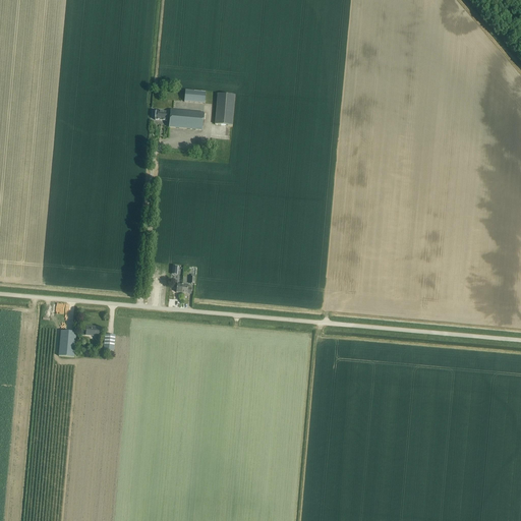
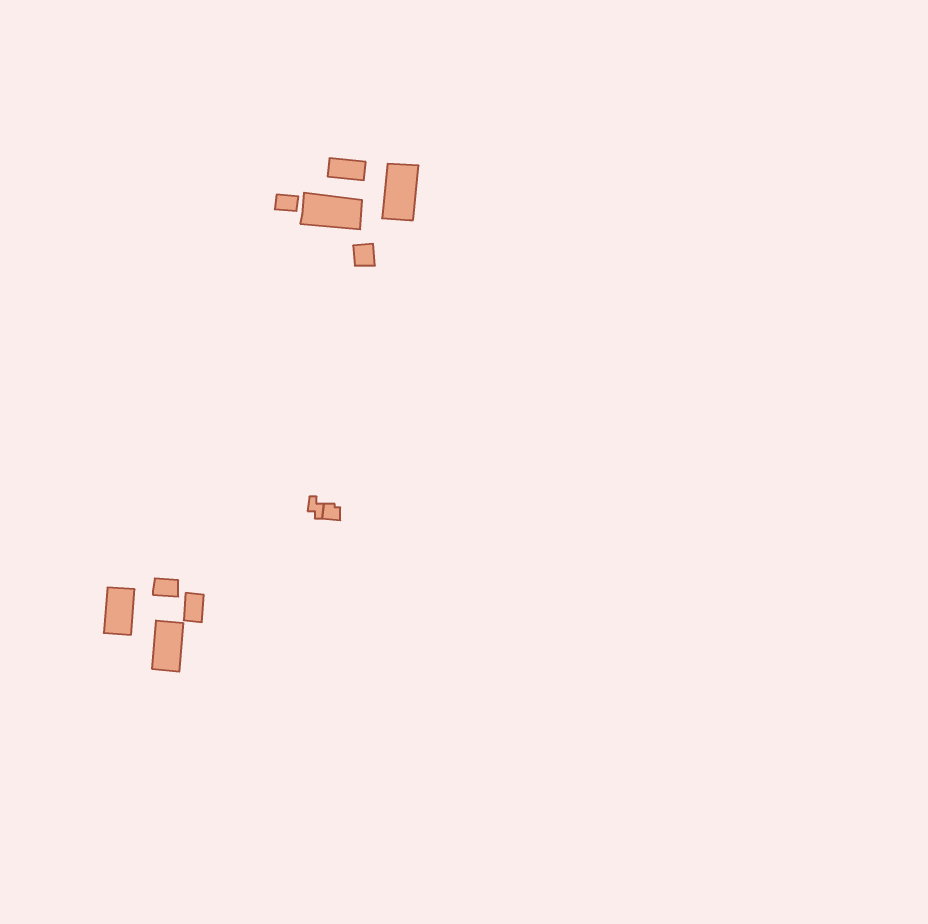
building: none -> [152,620,183,672]

